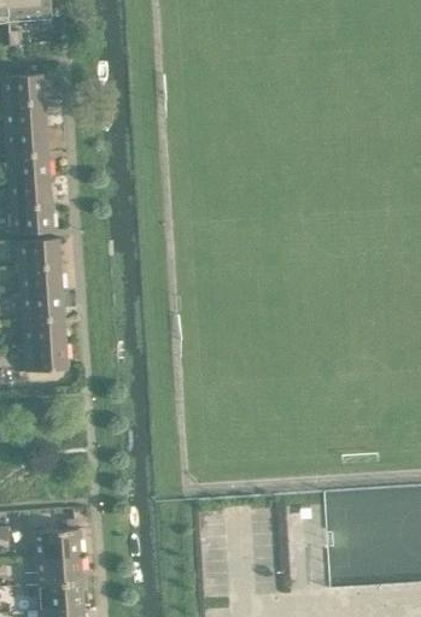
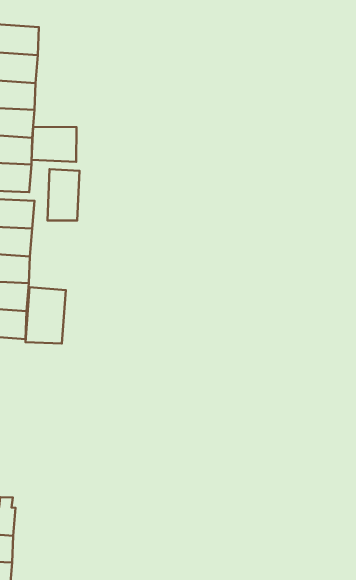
building: none -> [32,127,76,162]
building: none -> [47,169,79,220]
building: none -> [26,287,66,343]

